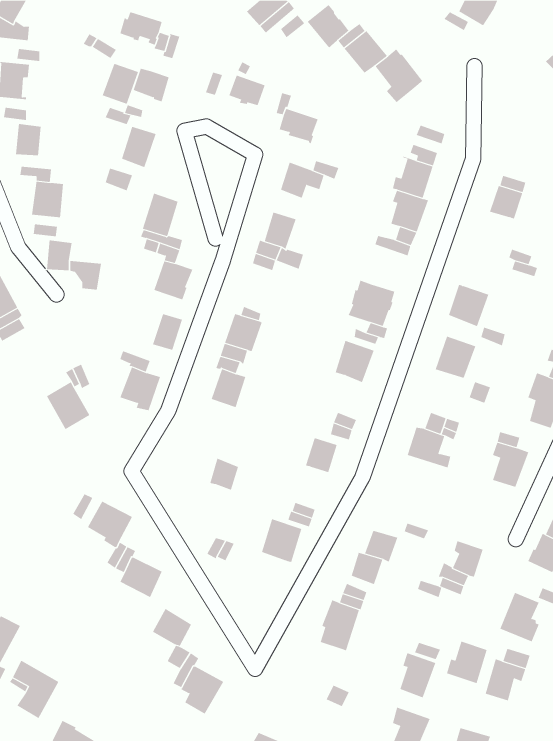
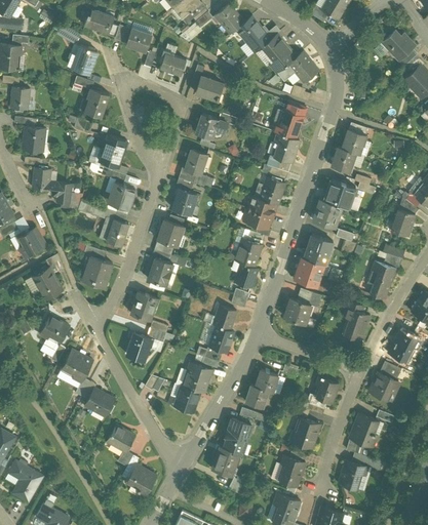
building: [133,68,170,102] -> [126,29,152,52]
building: none -> [277,51,318,83]
building: none -> [332,147,356,172]
building: none -> [260,177,284,204]
building: none -> [323,179,355,208]
building: none -> [171,189,196,214]
building: none -> [16,229,46,257]
building: none -> [295,257,324,287]
building: none -> [234,262,258,288]
building: none -> [130,292,157,320]
building: none -> [40,316,70,342]
building: none -> [209,326,234,353]
building: none -> [126,332,151,359]
building: none -> [174,386,200,413]
building: none -> [211,446,239,476]
building: [446,641,487,684] -> [290,418,319,448]

